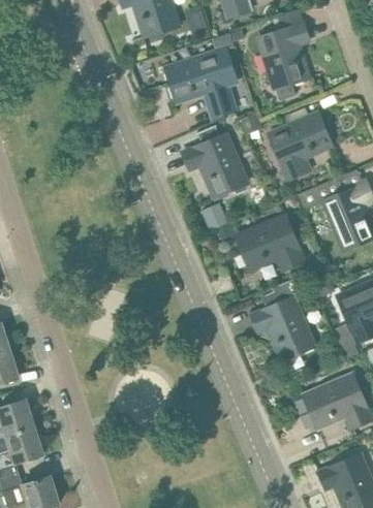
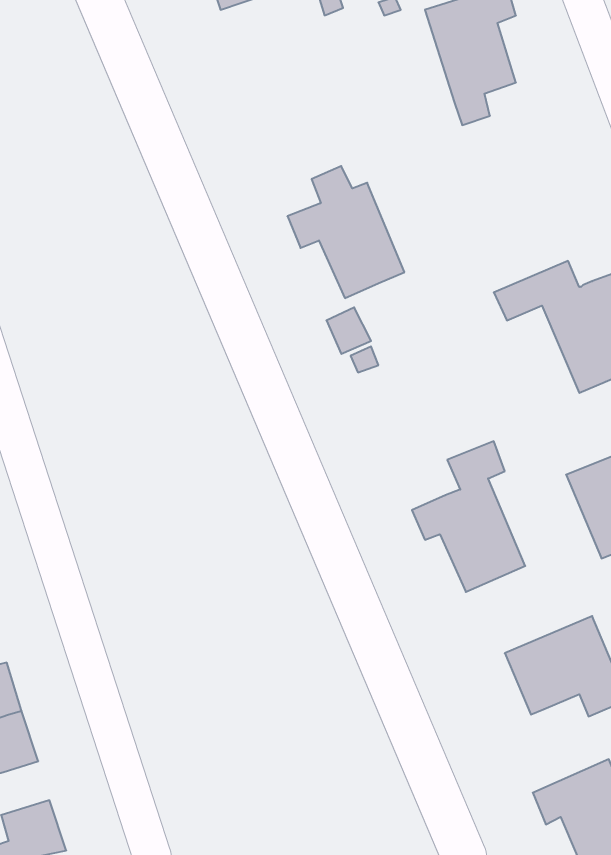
building: [165,46,240,119] -> none
building: [269,113,332,180] -> none
building: [236,215,305,271] -> none

